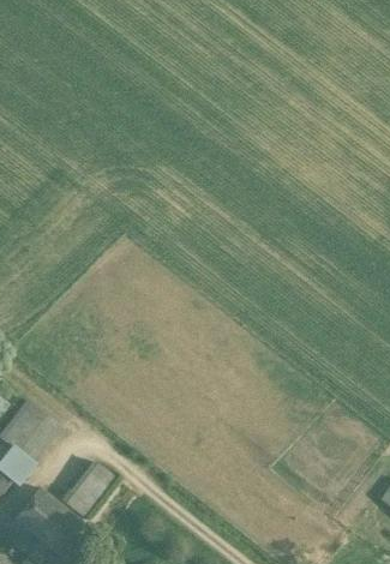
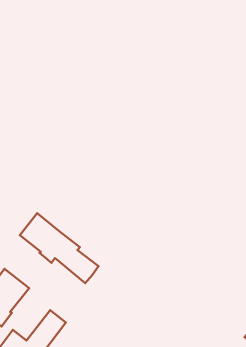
building: none -> [20,213,98,283]

